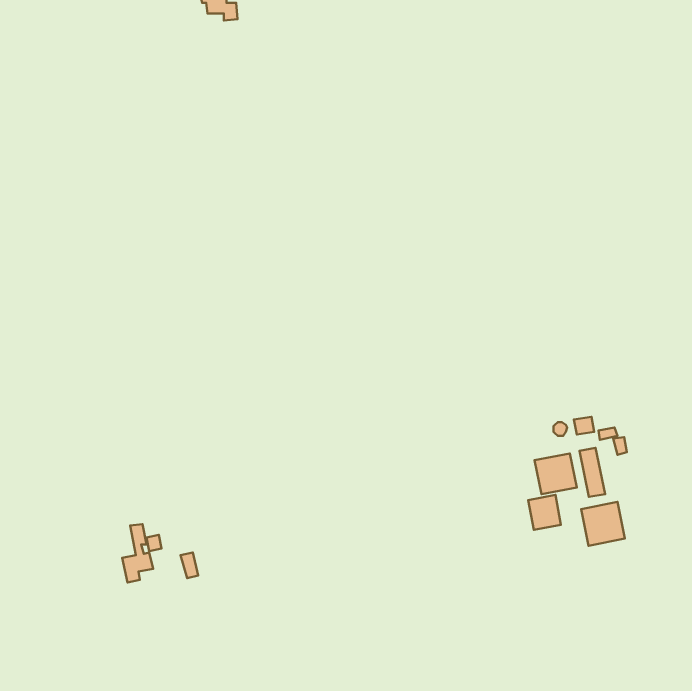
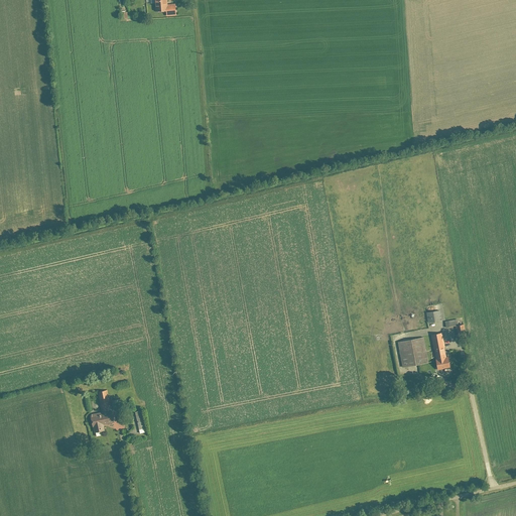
building: [528,495,561,530] -> none
building: [581,502,625,546] -> none

